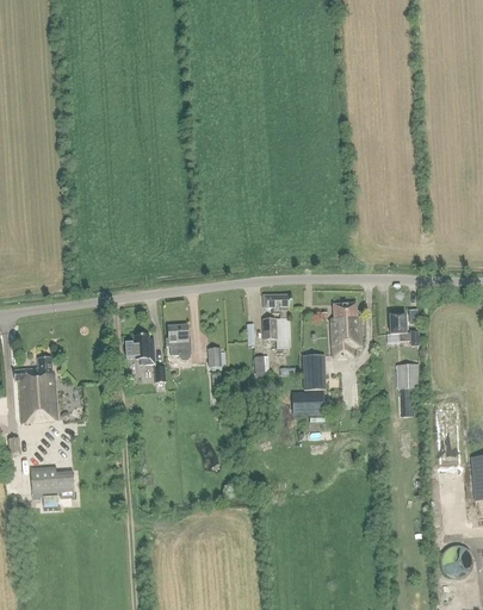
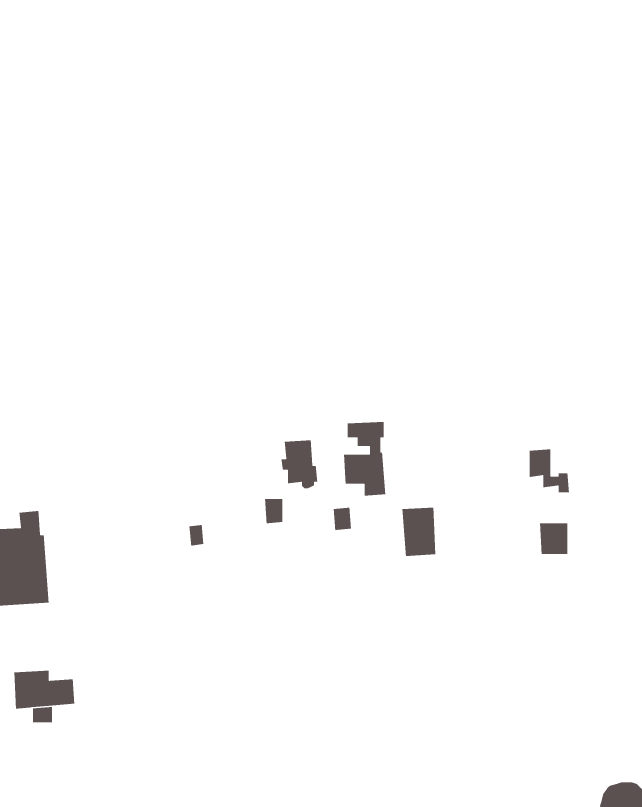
building: [330,303,361,356] -> none
building: [165,324,191,359] -> [280,440,318,489]
building: [124,334,154,363] -> none
building: [292,391,323,421] -> none

